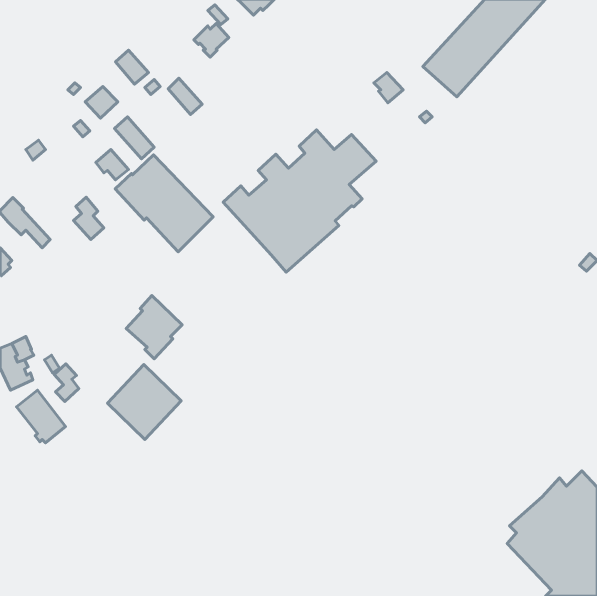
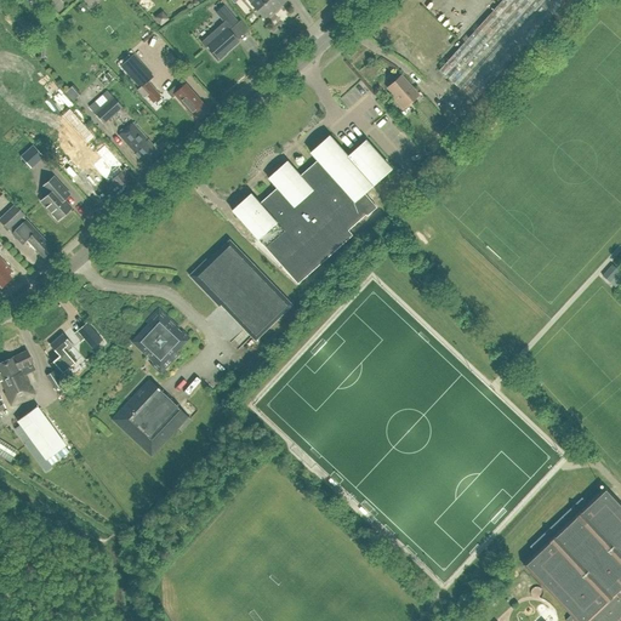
building: [115,155,213,252] -> [189,239,291,340]
building: [73,197,104,239] -> [40,176,72,220]
building: [54,364,79,401] -> [50,334,75,372]

